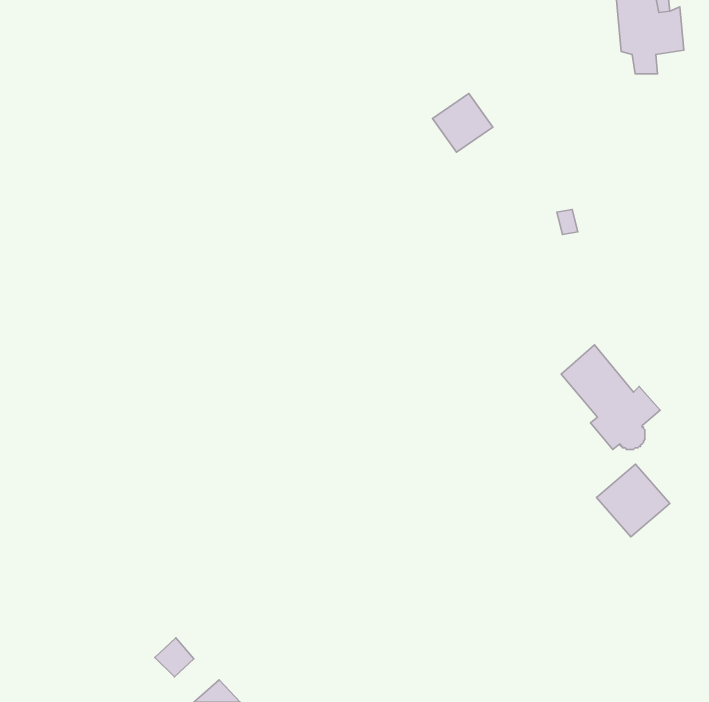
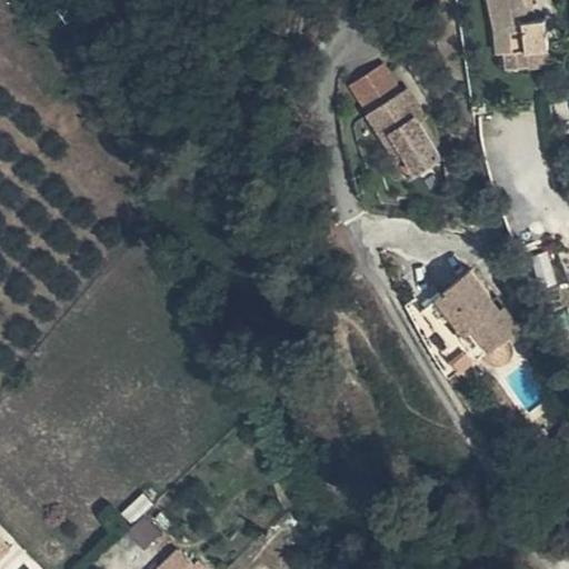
building: none -> [363,101,436,180]
building: [596,464,670,537] -> none

